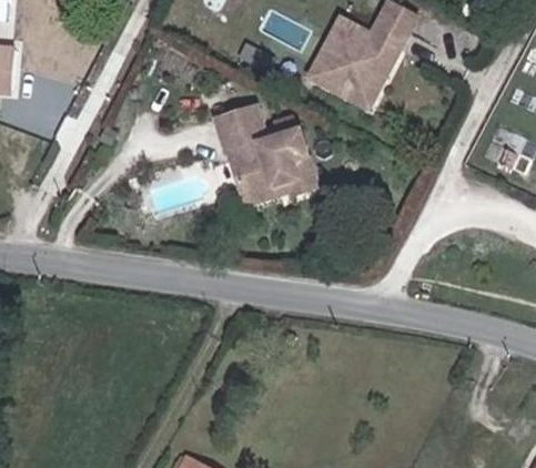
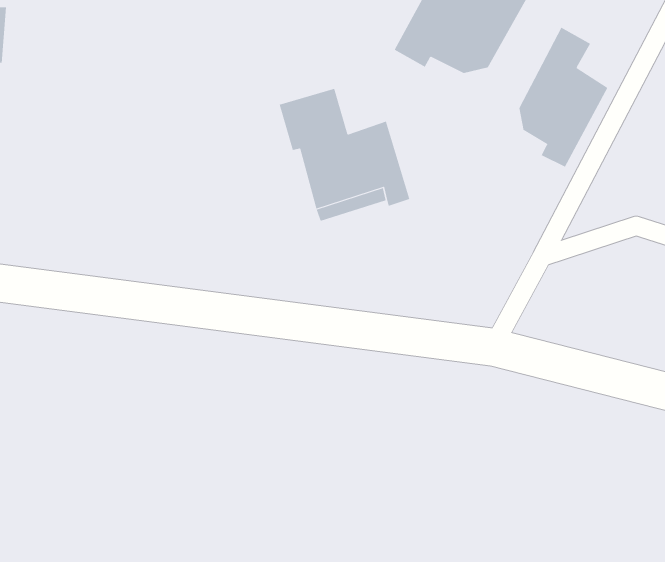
building: none -> [519,27,608,168]

